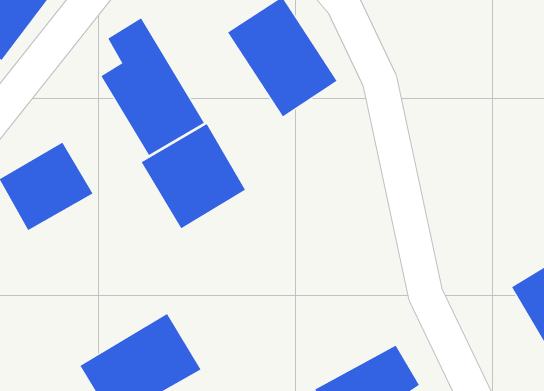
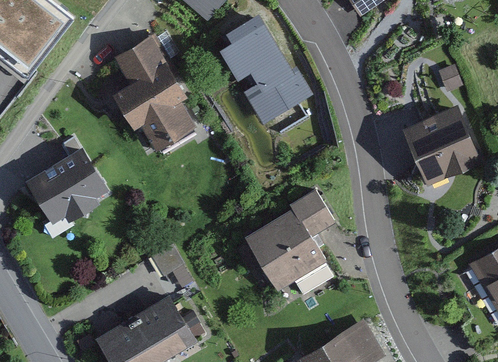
building: none -> [406,106,484,186]
building: [141,123,246,229] -> none
building: none -> [237,191,337,301]

